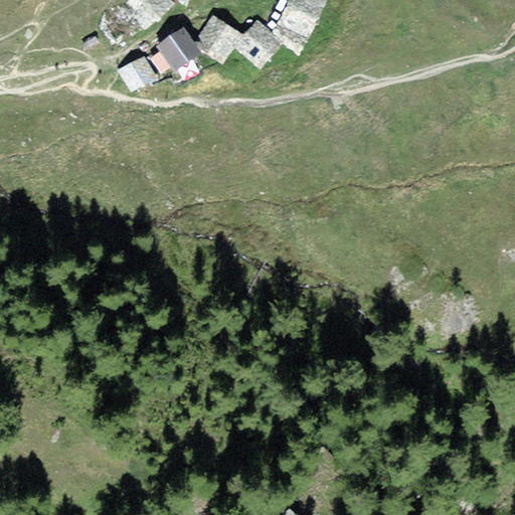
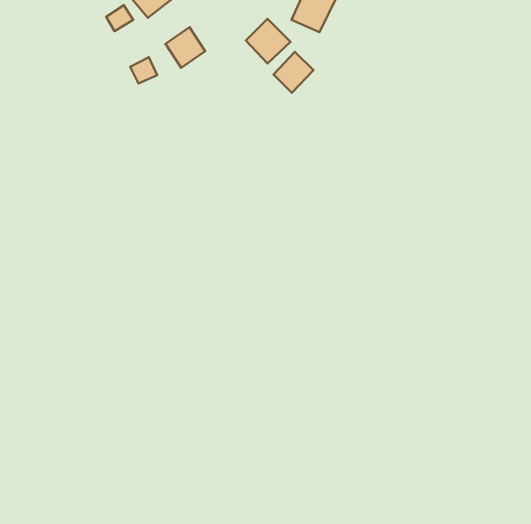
building: [196,14,238,56] -> none
building: none -> [273,52,314,93]

